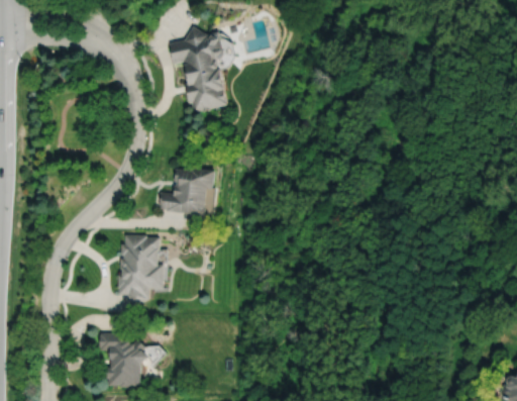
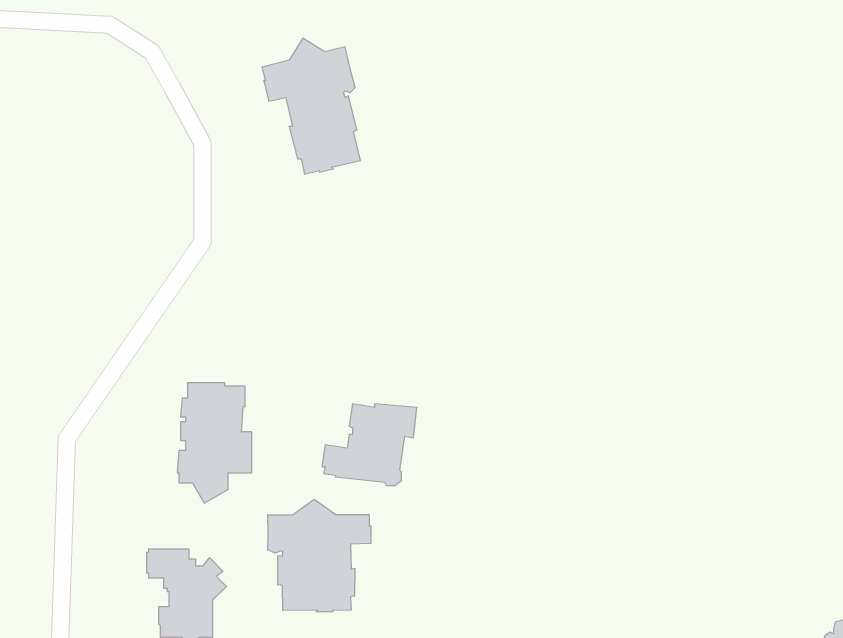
building: [159,168,215,216] -> [322,404,417,485]
building: none -> [268,499,371,612]

